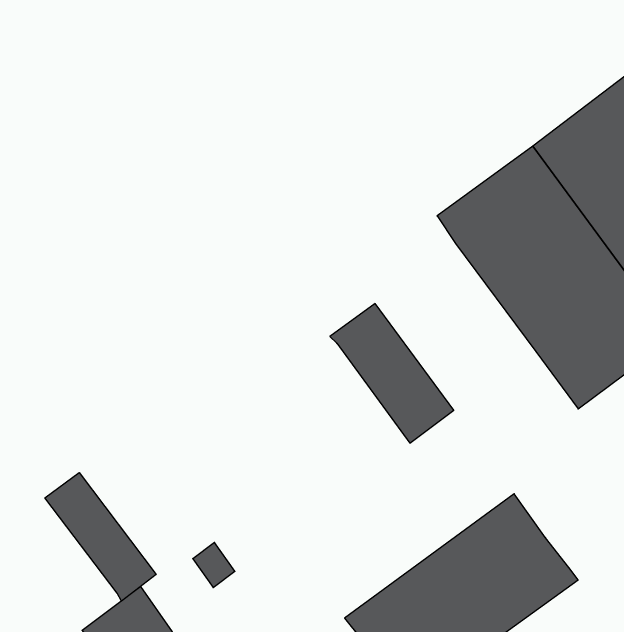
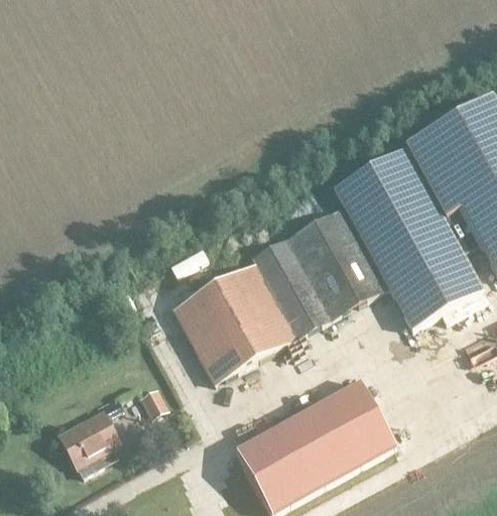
building: none -> [284,207,388,318]
building: none -> [173,263,295,382]
building: [45,473,156,601] -> none

